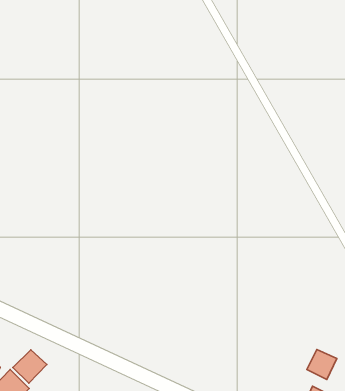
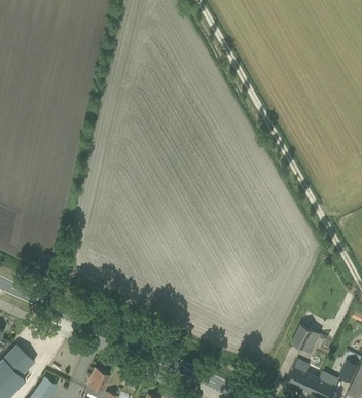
building: [13,350,47,383] -> none

